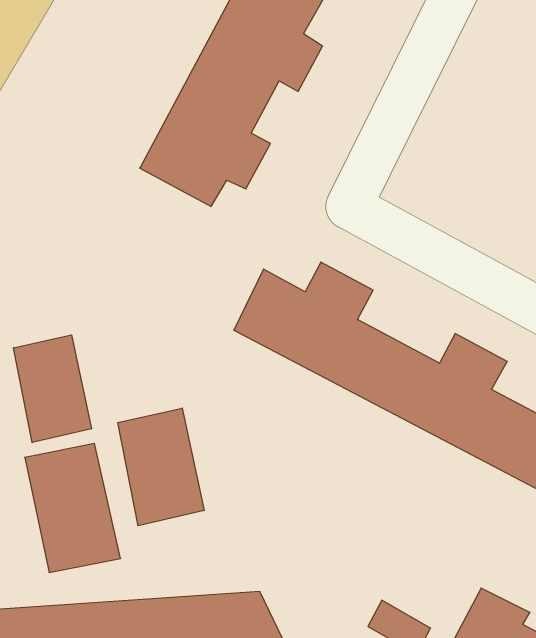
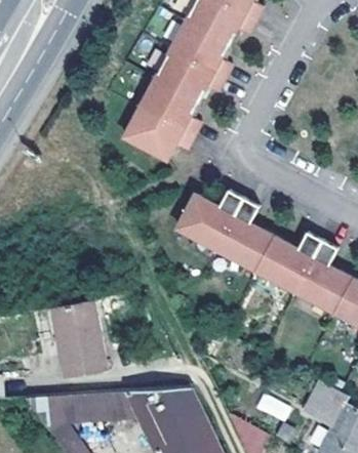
building: [14,335,91,443] -> none
building: [118,408,204,526] -> none

